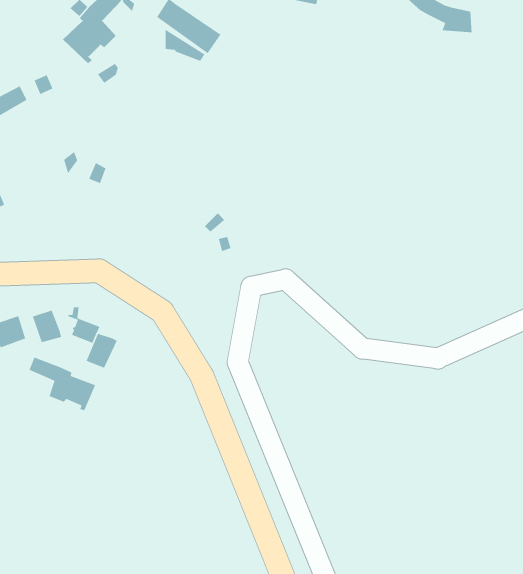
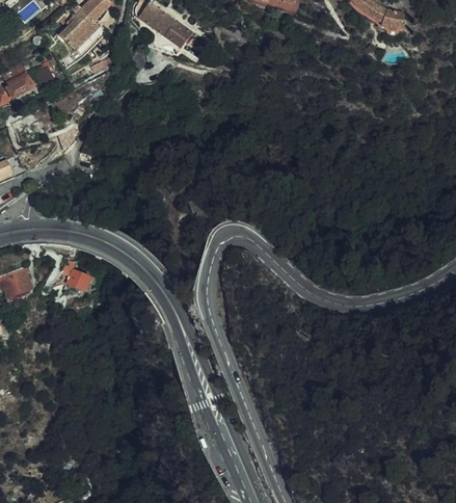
building: [32,309,62,343] -> none
building: [85,333,118,369] -> none
building: [28,357,96,411] -> none

